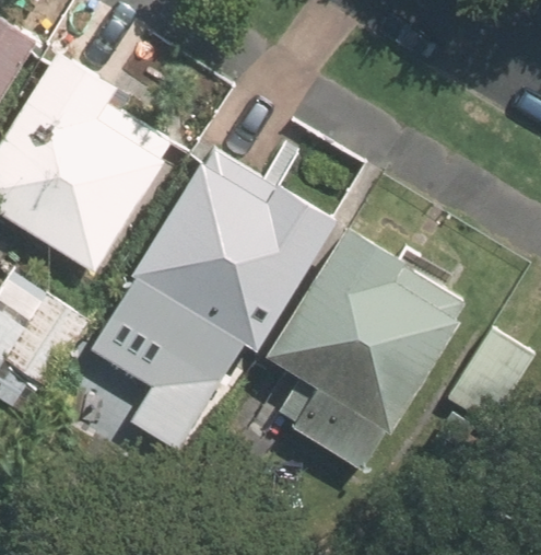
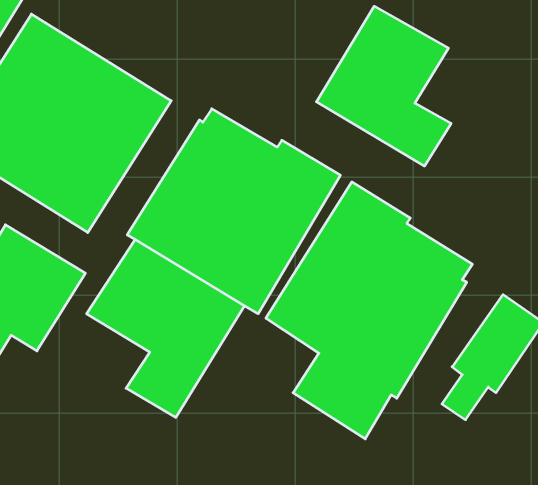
building: none -> [316,6,451,166]

